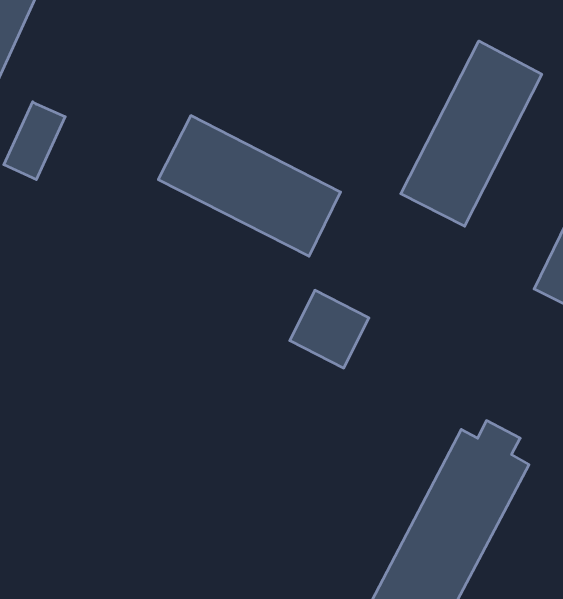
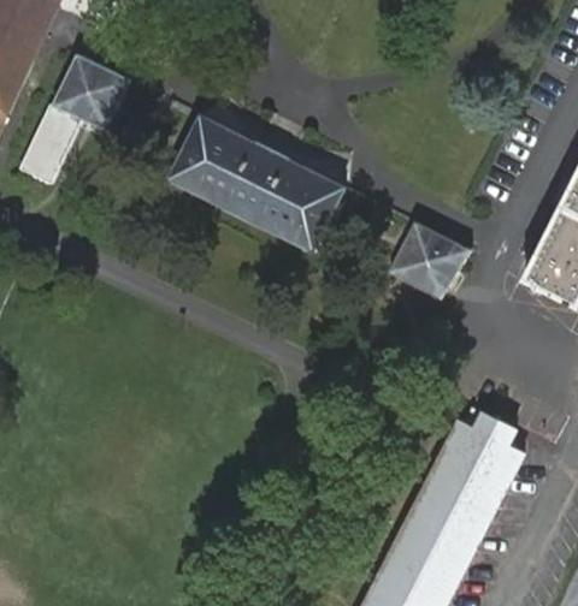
building: [401,41,542,226] -> none
building: none -> [53,59,128,131]
building: [290,290,369,368] -> [391,226,467,301]

